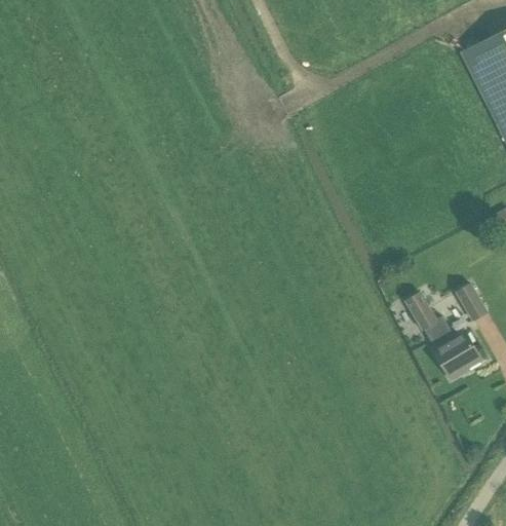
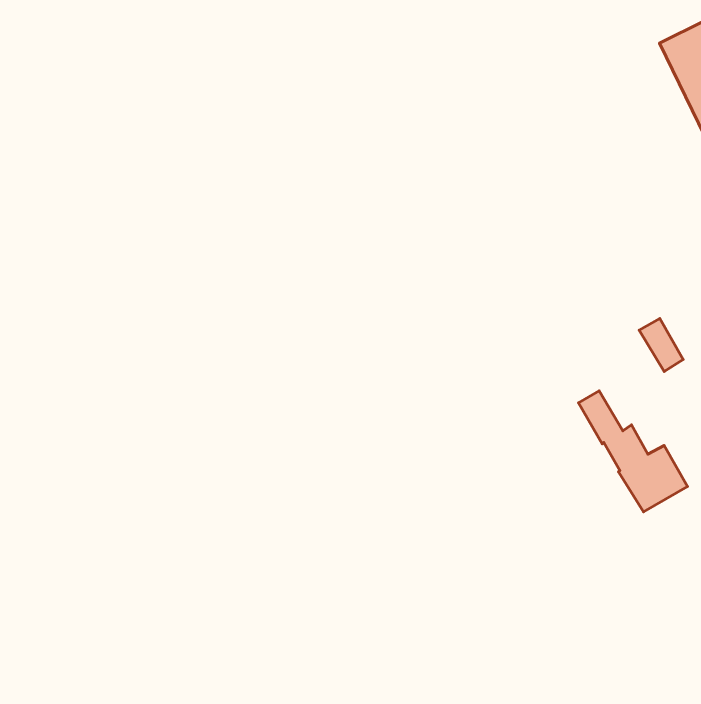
building: [456,285,486,322] -> [639,318,683,371]

